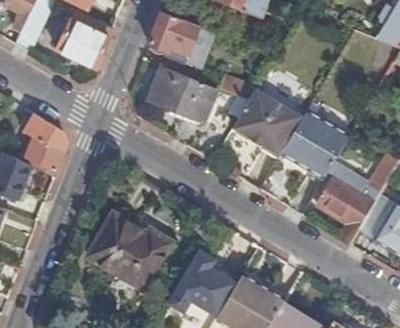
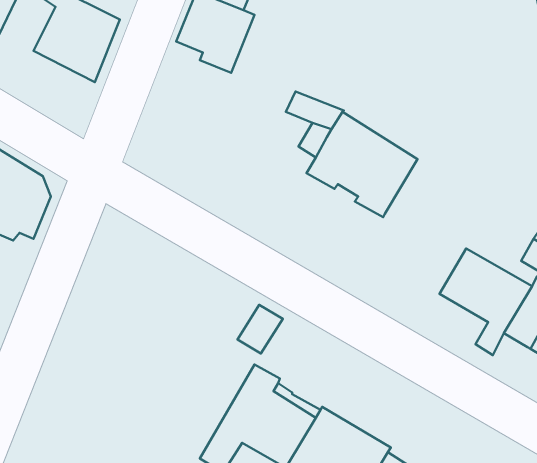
building: [148,67,215,122] -> none
building: [281,110,349,179] -> none
building: [92,213,172,286] -> none

